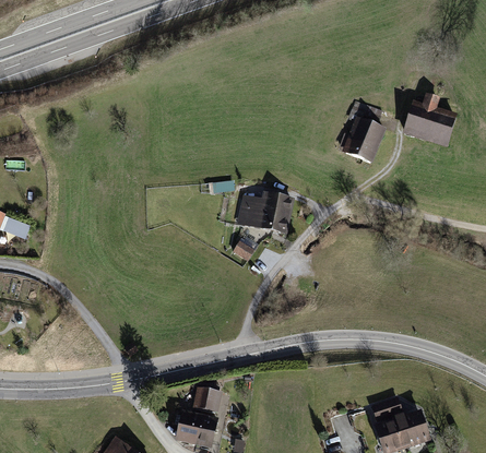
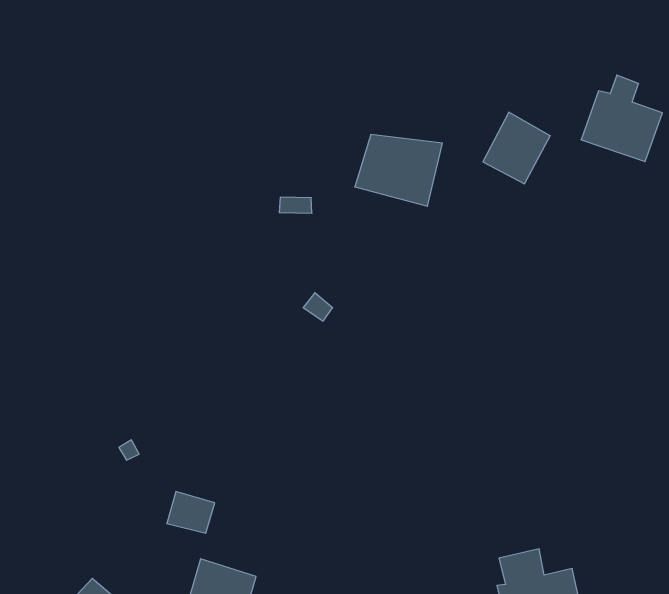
building: [237,191,291,234] -> [355,135,442,206]
building: [193,388,223,413] -> [167,491,215,533]

